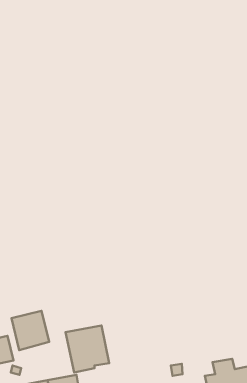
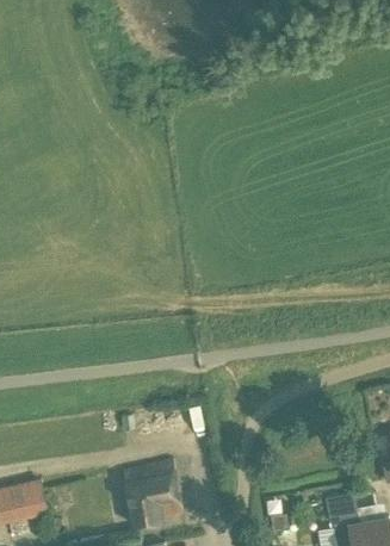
building: [11,311,49,350] -> none

